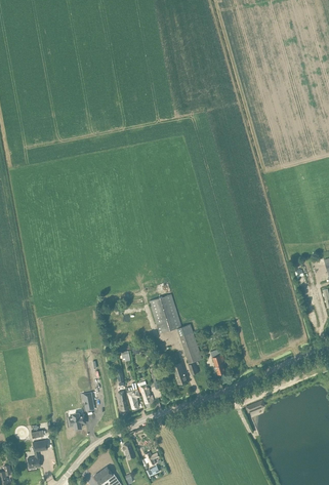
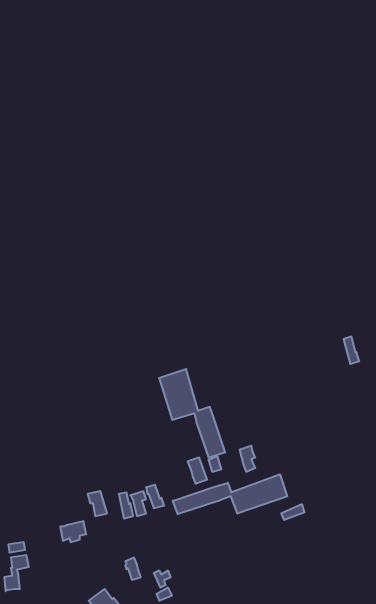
building: none -> [173,474,287,514]

